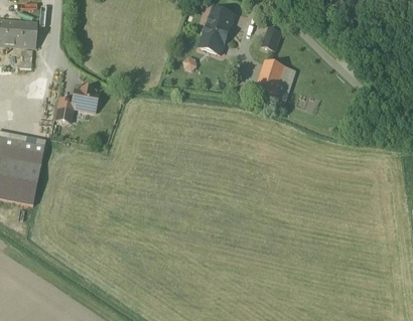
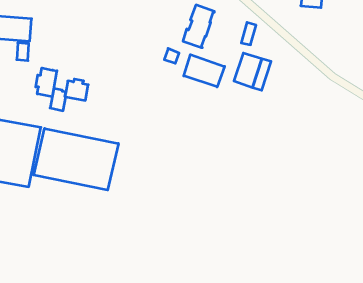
building: none -> [184,55,225,87]
building: none -> [36,68,57,97]
building: none -> [34,128,118,190]

